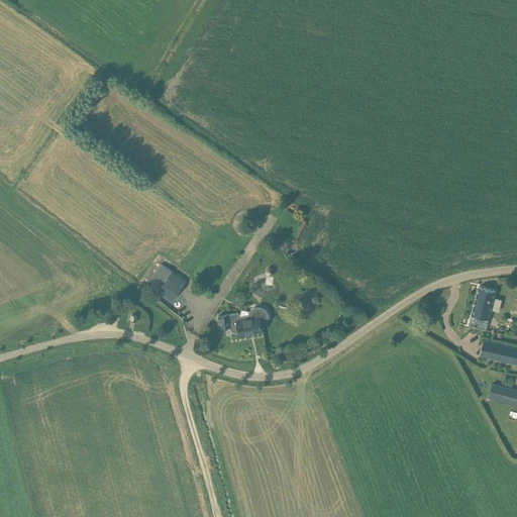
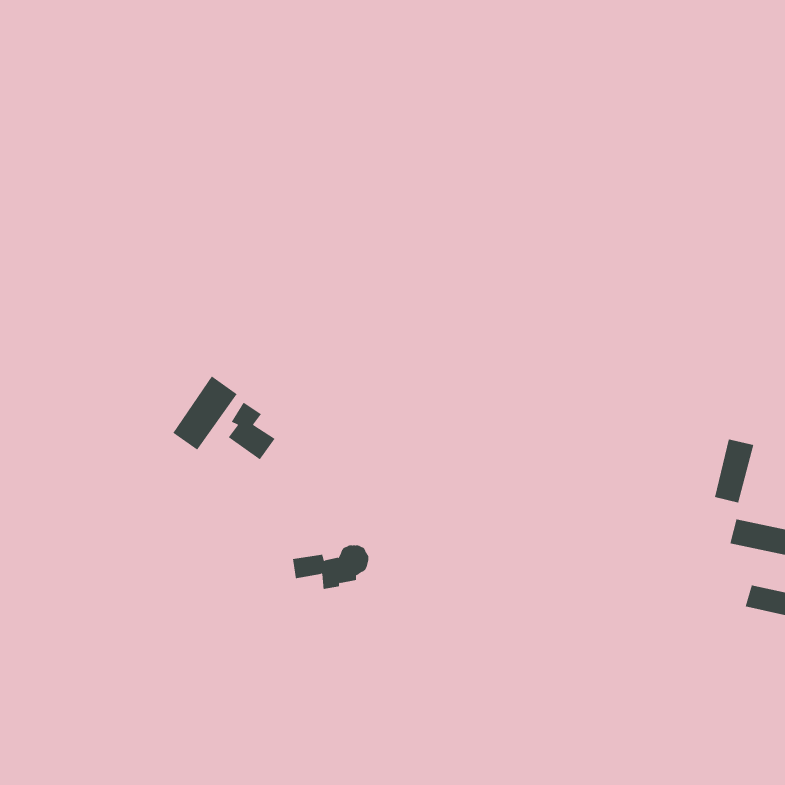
building: none -> [173,375,237,450]
building: [219,308,270,337] -> [292,545,369,590]

